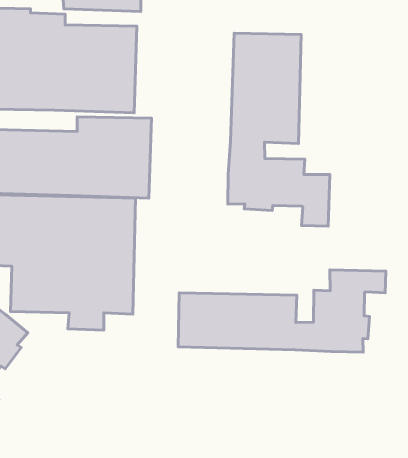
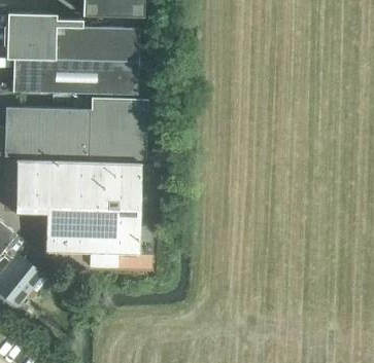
building: [228,33,330,226] -> none
building: [178,270,386,352] -> none

